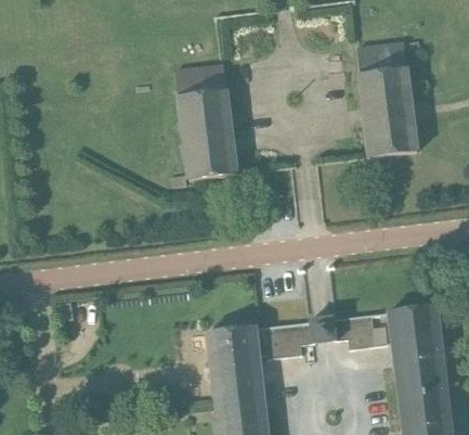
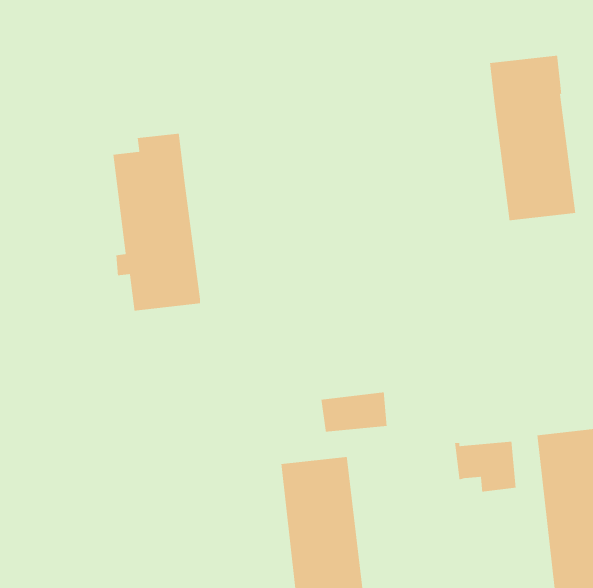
building: [175,54,238,181] -> [112,133,201,311]
building: [264,321,312,350] -> [321,391,388,433]

